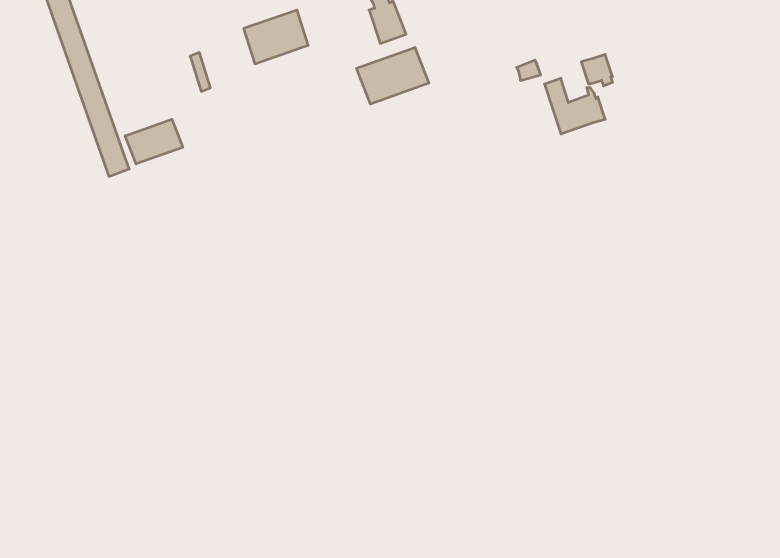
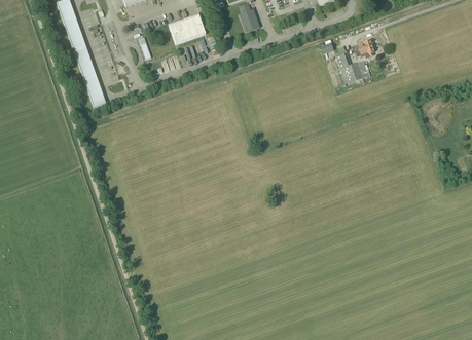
building: [357,47,429,104] -> none
building: [125,119,183,164] -> none

